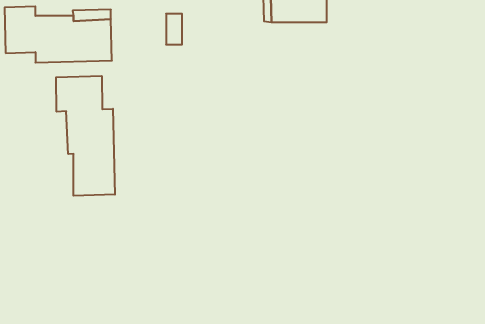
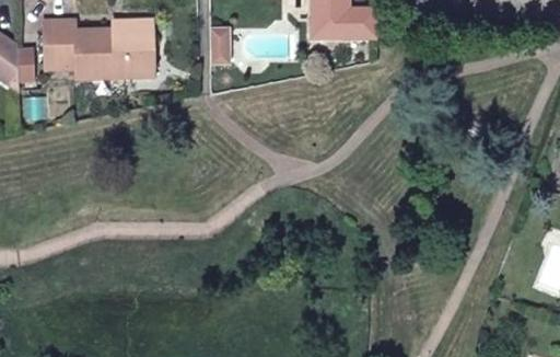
building: [56,76,115,196] -> none

